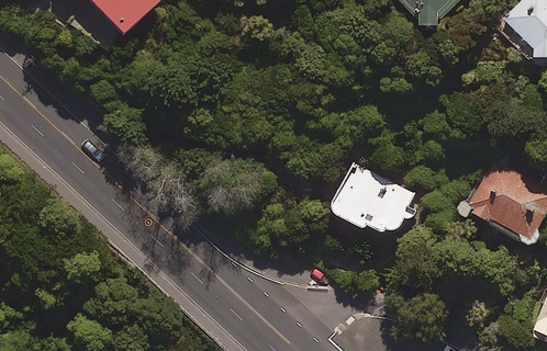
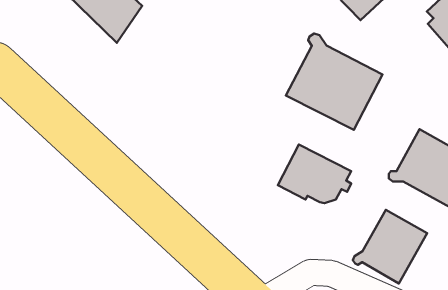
building: none -> [286,33,382,130]
building: none -> [353,210,427,283]

